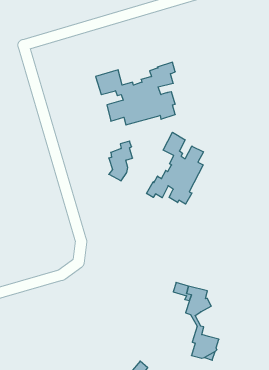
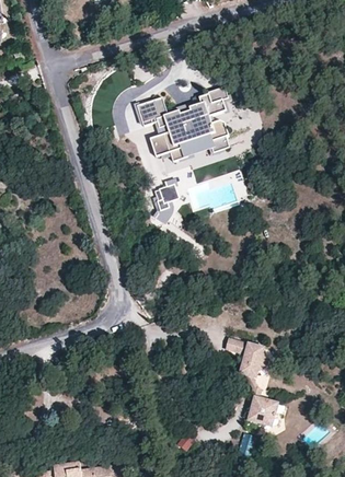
building: [147,132,203,204] -> none

